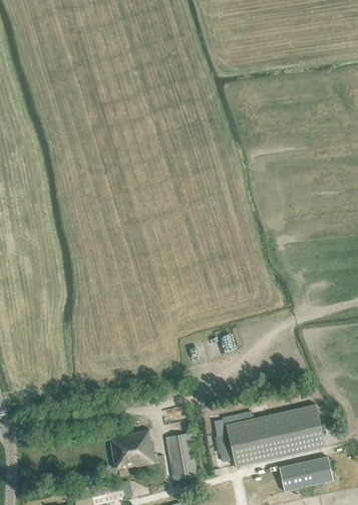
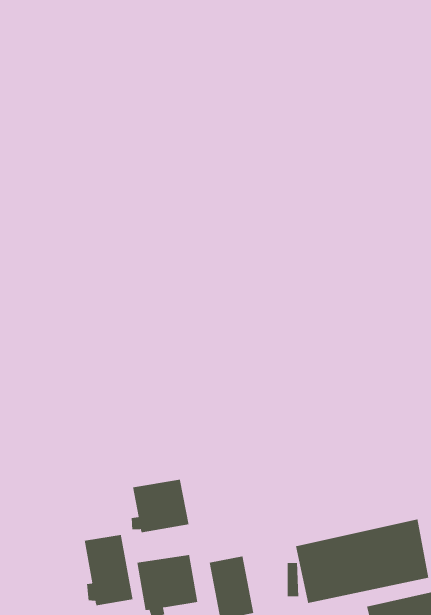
building: none -> [131,479,189,533]
building: none -> [84,534,133,606]

